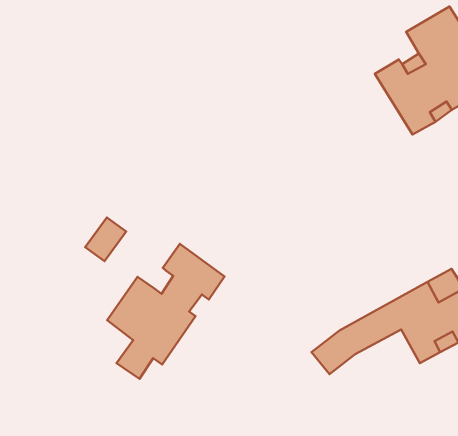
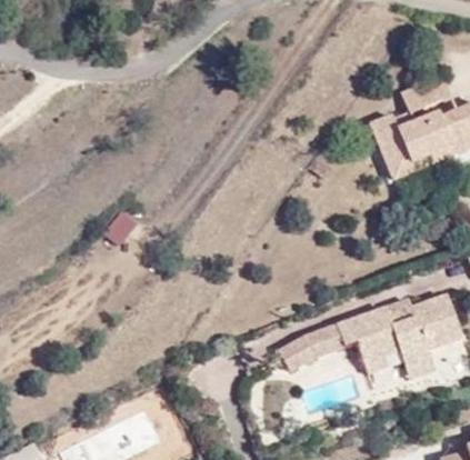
building: [107,244,225,379] -> none

